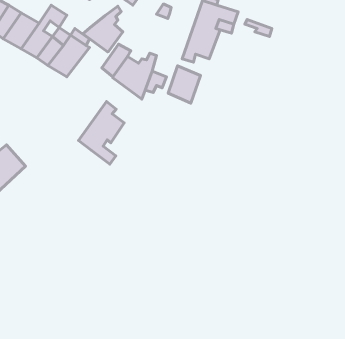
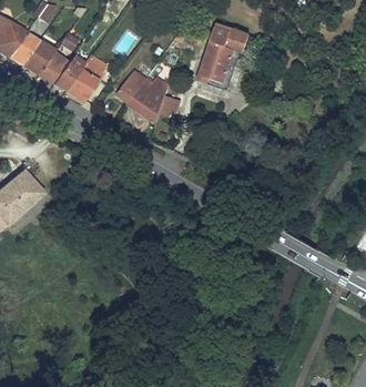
building: [83,6,123,52] -> none
building: [168,66,200,103] -> none
building: [78,102,124,164] -> none

